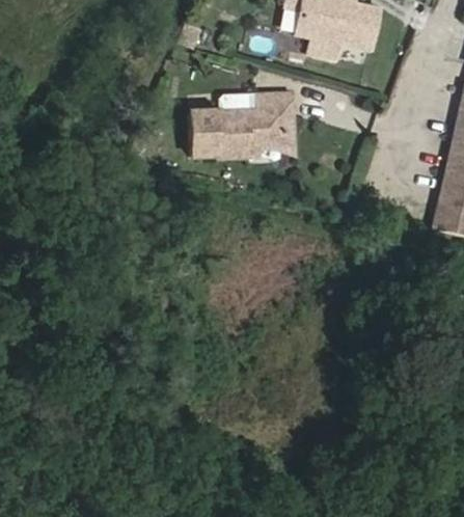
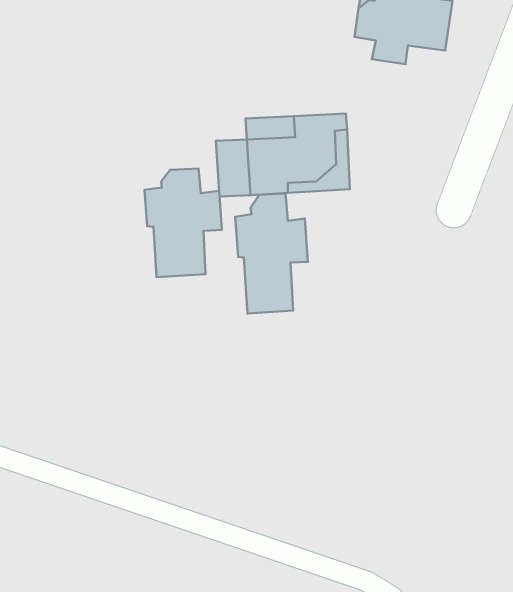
building: none -> [145,168,222,277]
building: none -> [235,194,308,314]

